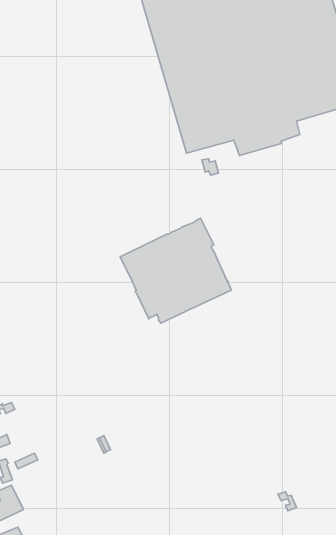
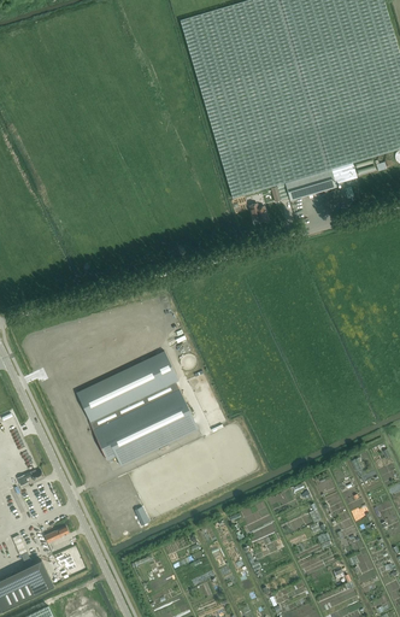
building: [120,218,231,323] -> [76,351,198,465]

